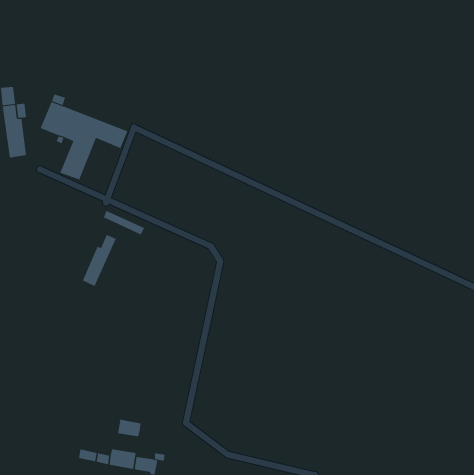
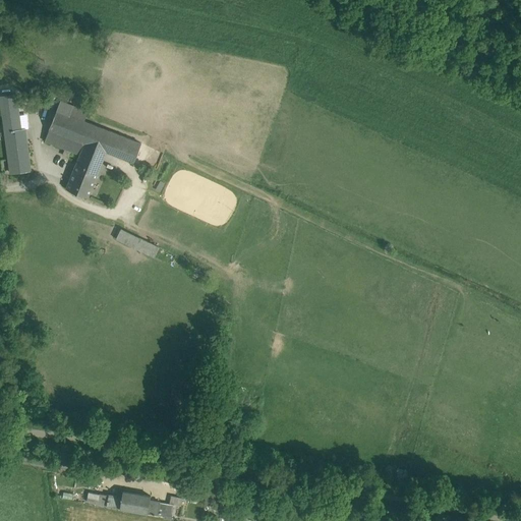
building: [82,234,117,287] -> none
building: [117,419,141,437] -> none

